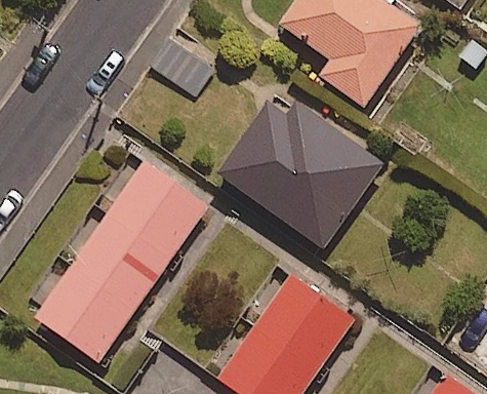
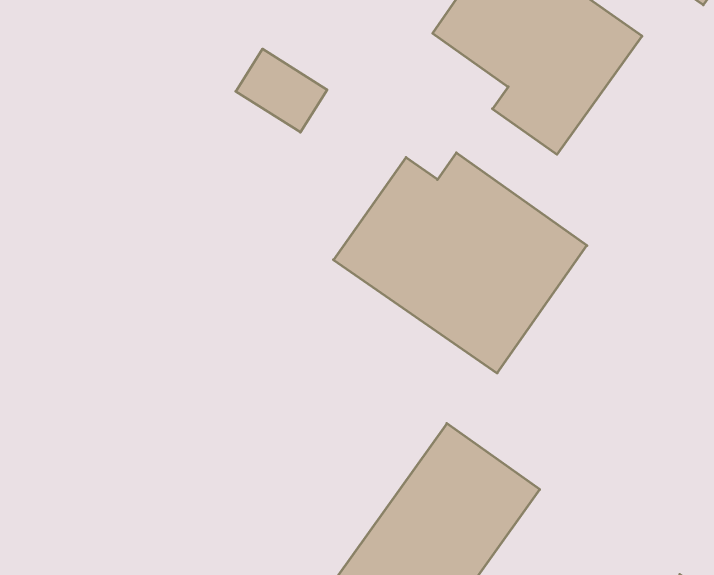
building: [36,165,204,360] -> none

